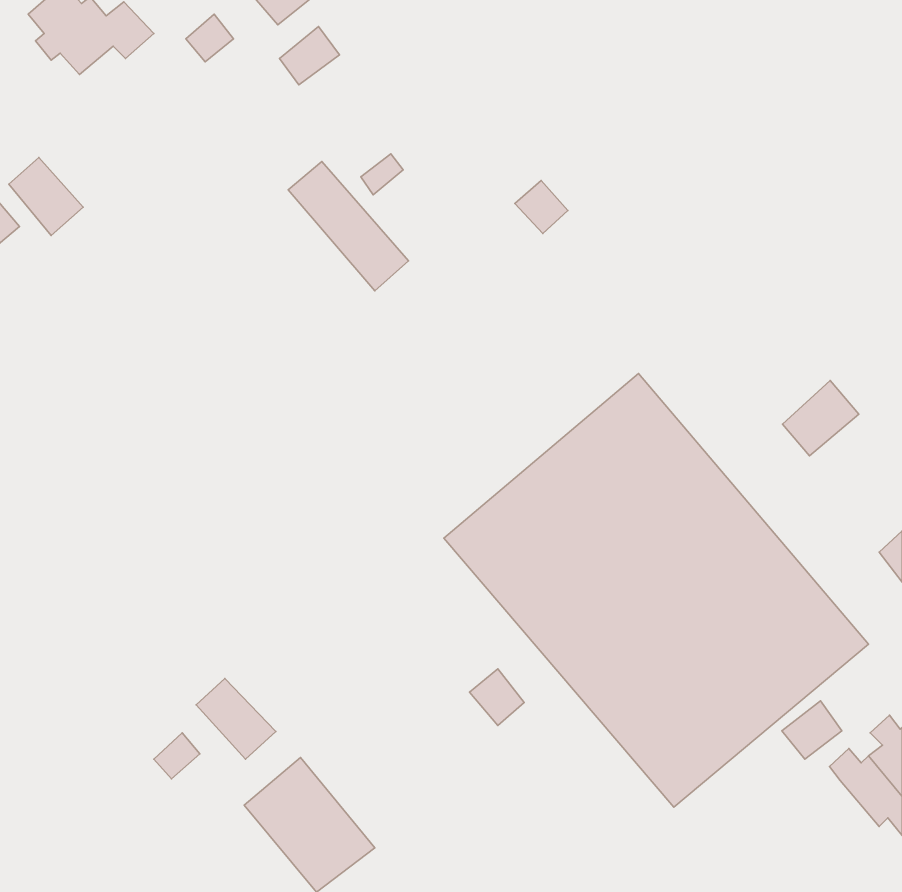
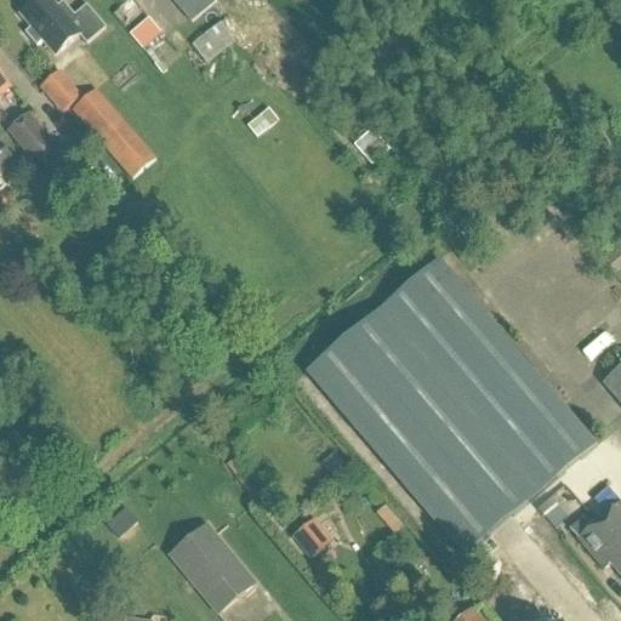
building: none -> [40,67,81,108]
building: [288,162,409,291] -> [73,86,155,175]
building: [782,381,859,456] -> none
building: [469,669,524,726] -> [292,515,330,554]
building: [196,679,276,759] -> none

